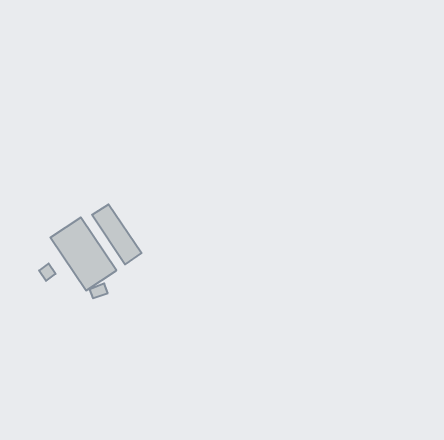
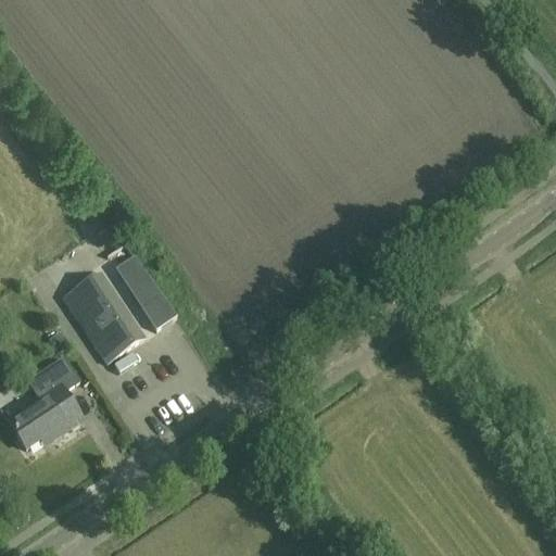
building: none -> [8,355,83,447]

